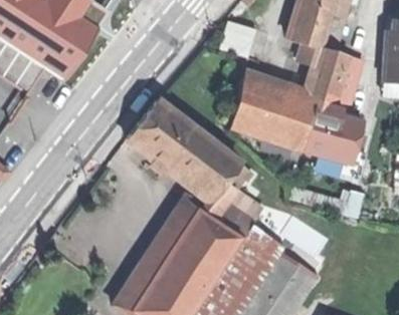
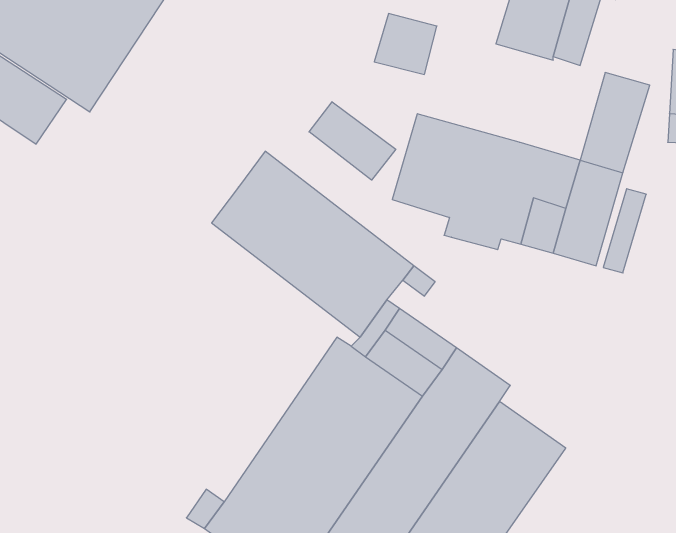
building: [300,45,348,103] -> none
building: none -> [309,102,396,180]

